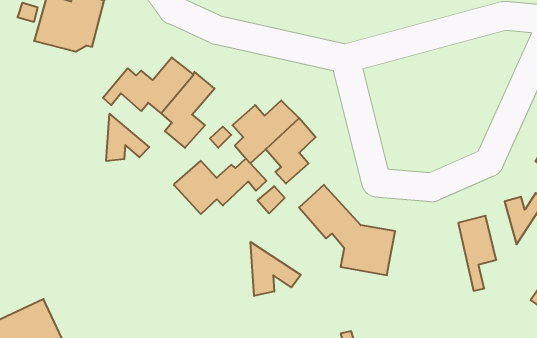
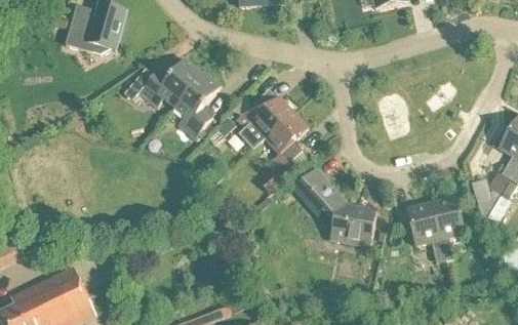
building: [106,114,149,161] -> none
building: [174,158,266,214] -> none
building: none -> [406,201,444,261]
building: [250,242,301,296] -> none

